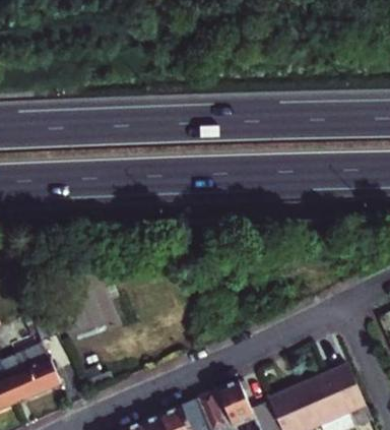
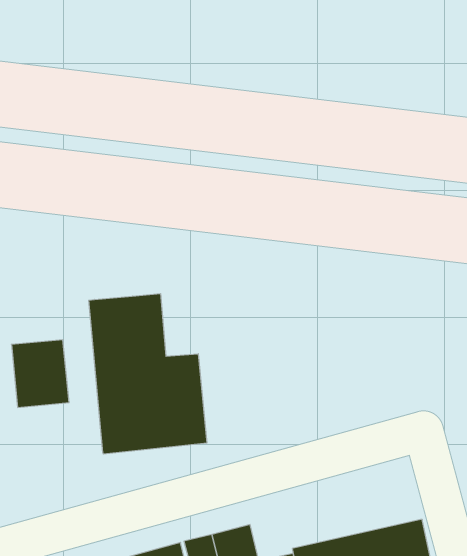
building: none -> [89,294,207,454]

